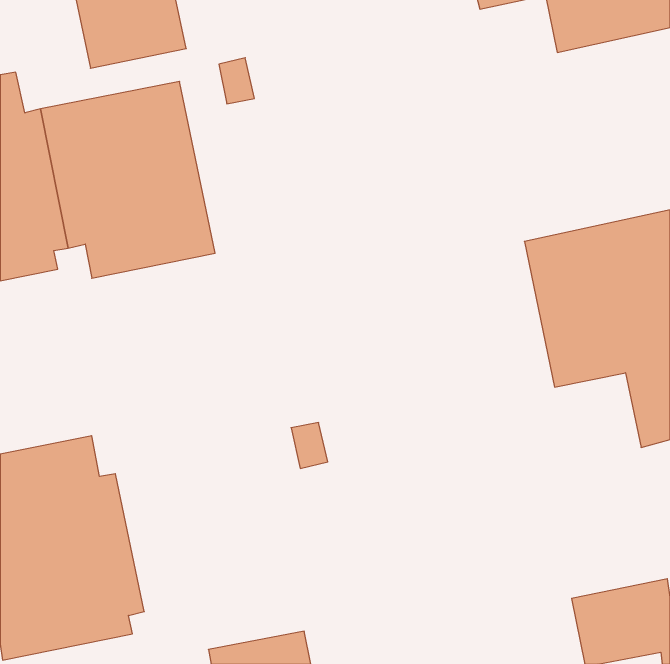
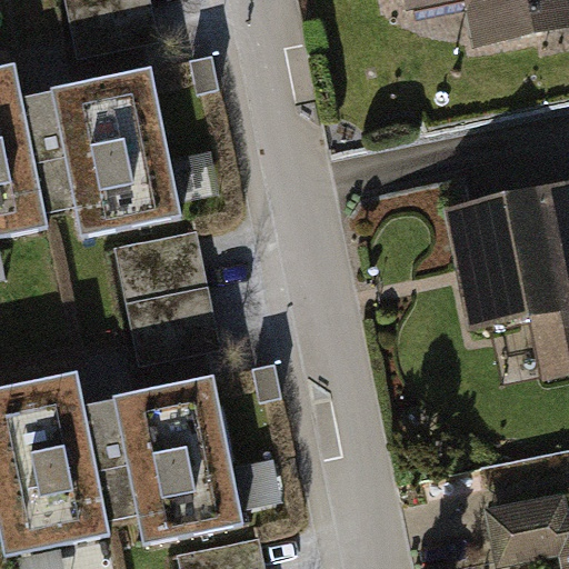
building: none -> [116,229,220,366]
building: none -> [98,377,246,543]

